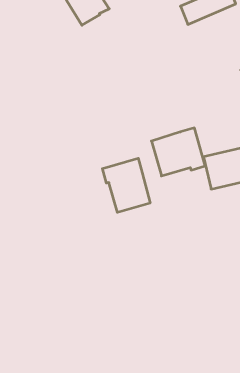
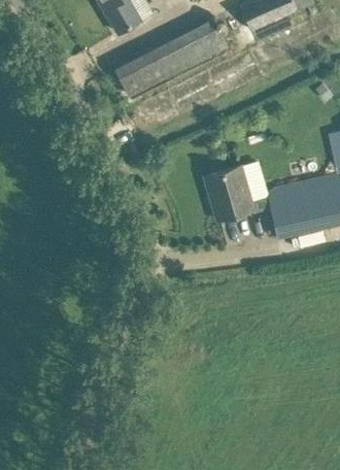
building: none -> [114,18,228,96]
building: [102,158,150,212] -> none

